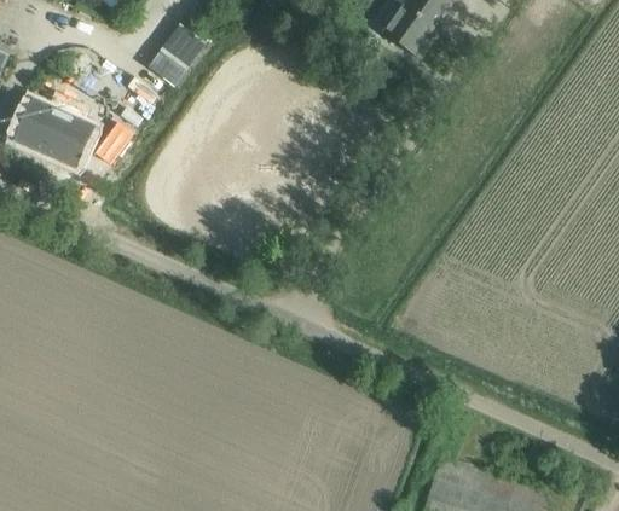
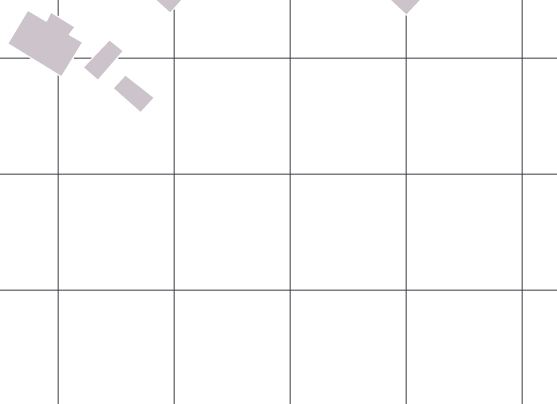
building: none -> [113,75,154,113]

